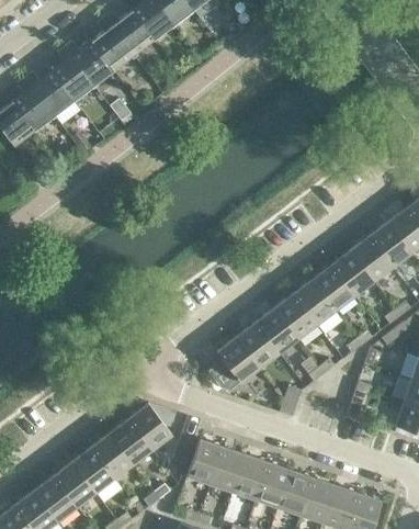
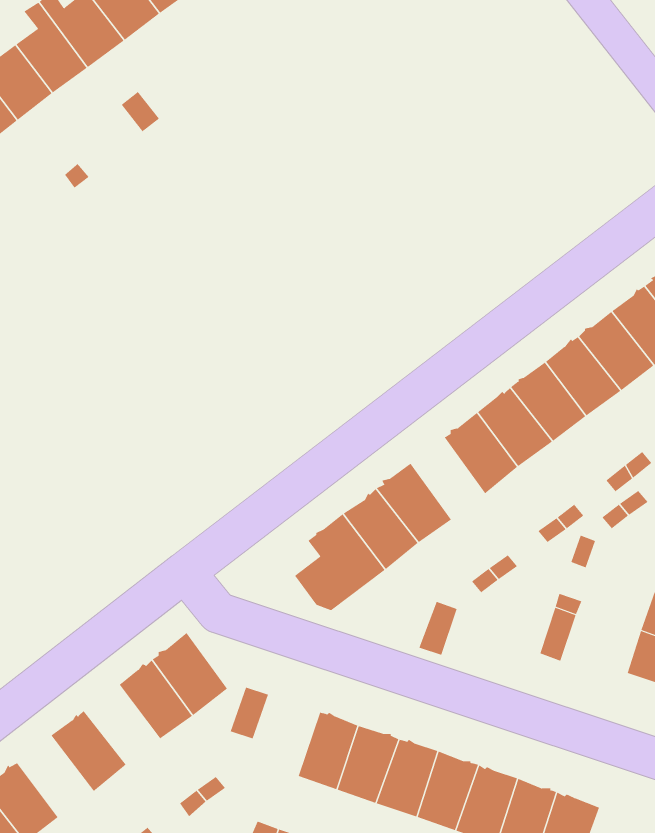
building: [275,293,317,339] -> none
building: [91,432,134,477] -> none
building: [188,439,224,484] -> none
building: [54,461,97,507] -> none

